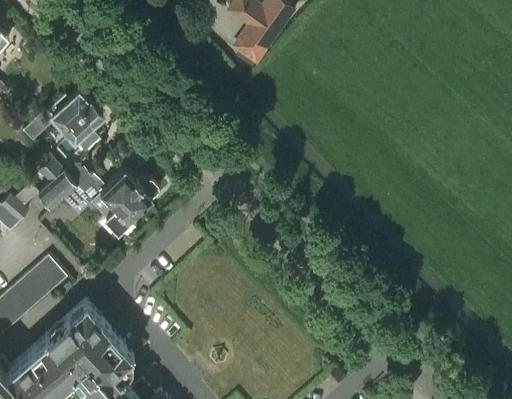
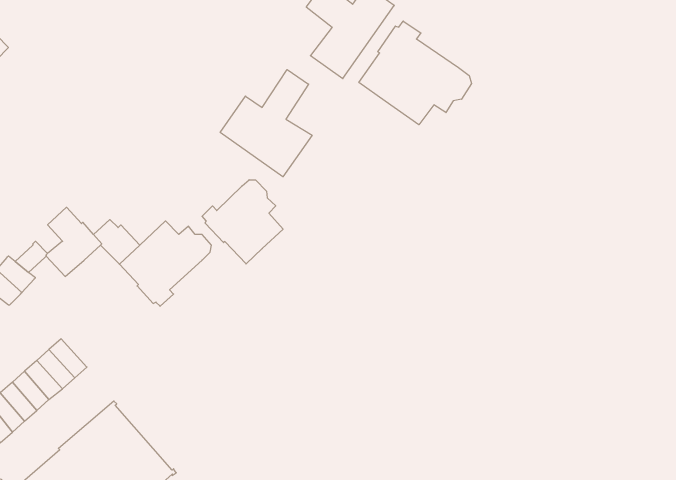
building: none -> [359,21,472,125]
building: none -> [220,70,312,177]
building: [22,90,103,151] -> none
building: none -> [202,180,283,264]

